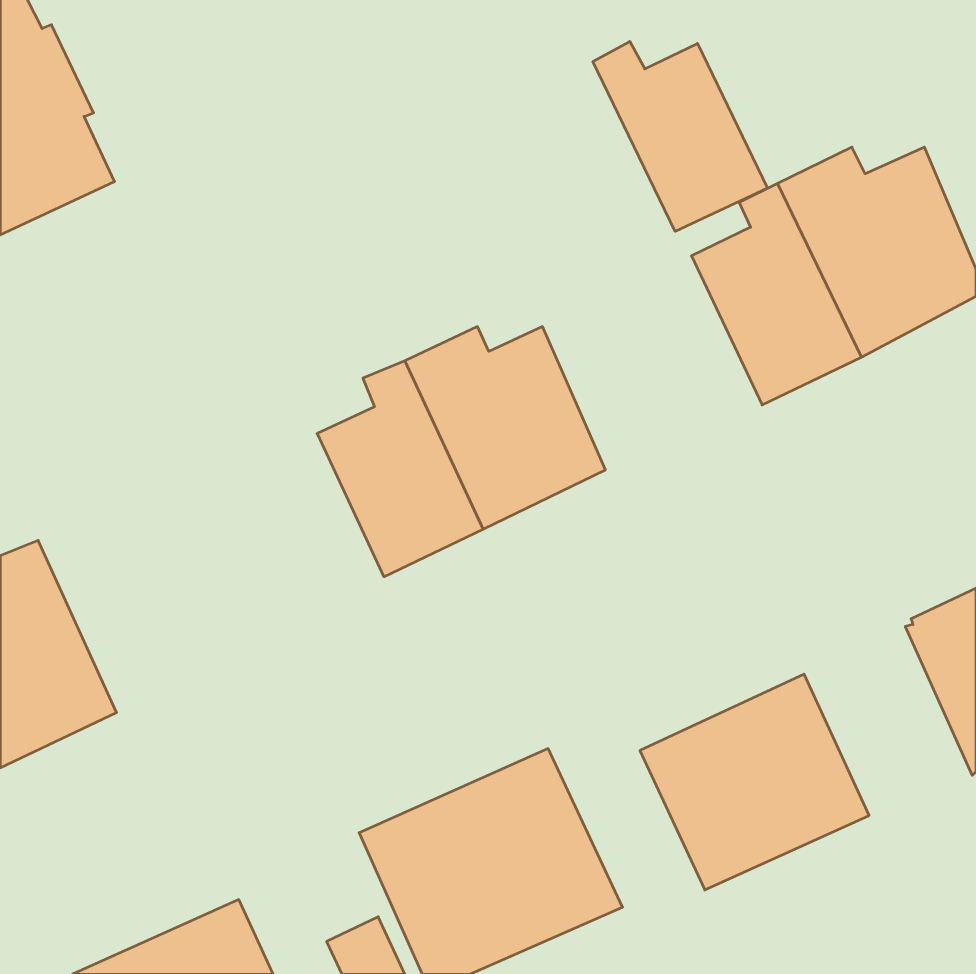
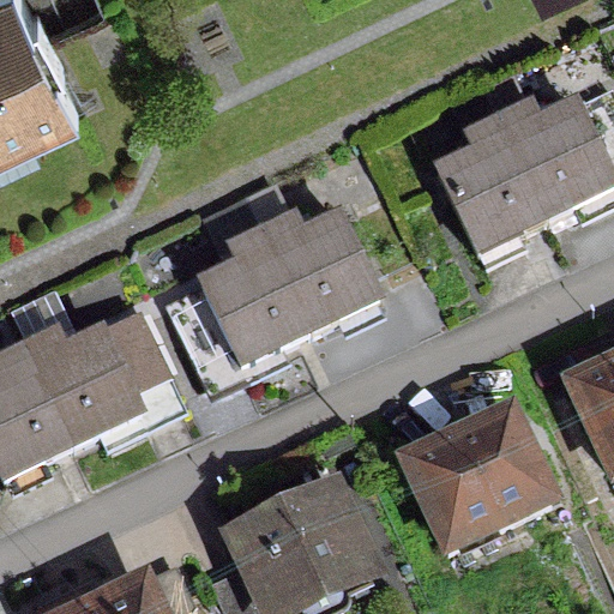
building: [593,41,767,231] -> none
building: none -> [24,306,173,447]

